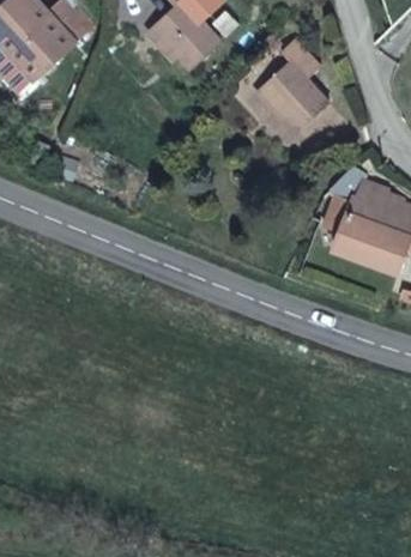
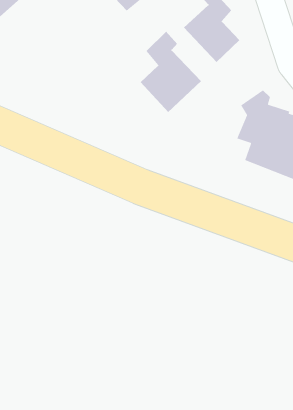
building: none -> [140,31,202,113]

